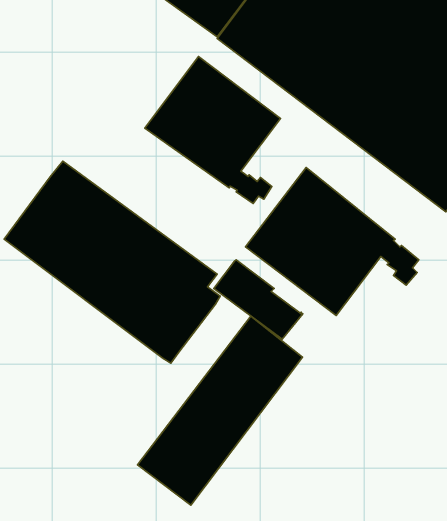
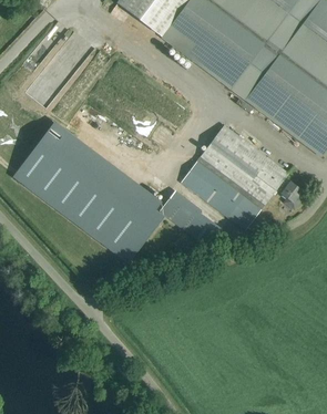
building: [145,56,280,204] -> none
building: [138,316,303,505] -> none

